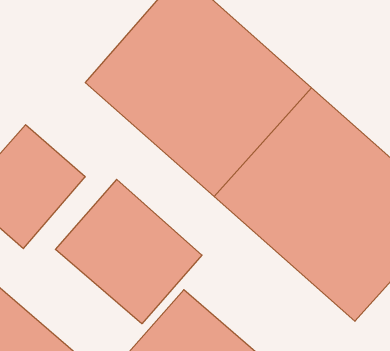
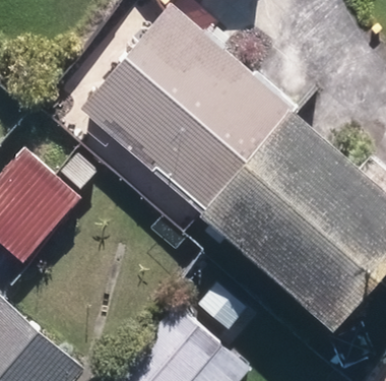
building: [55,179,202,324] -> none

